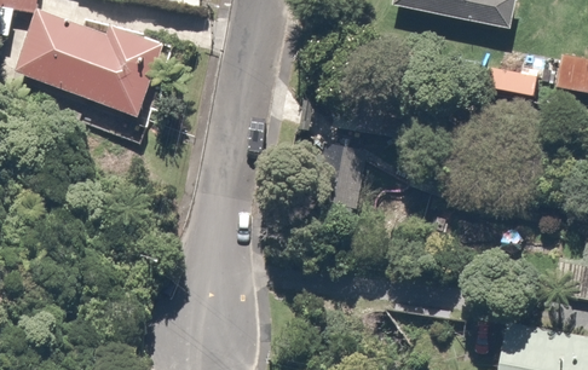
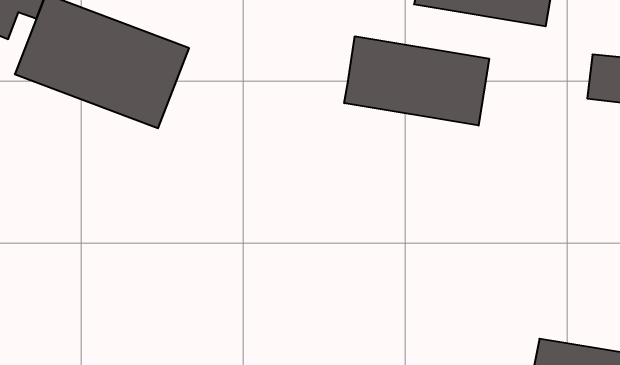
building: none -> [344,36,489,126]

